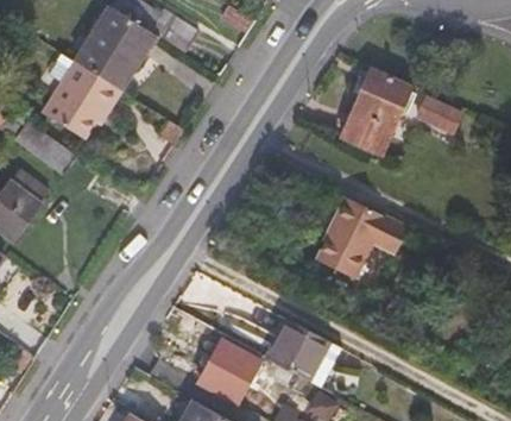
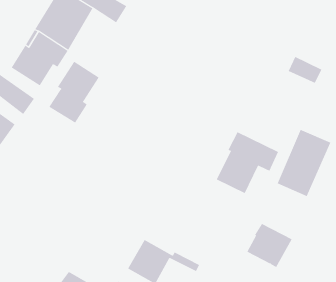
building: [340,68,412,158] -> [277,129,331,197]
building: none -> [49,61,100,124]
building: [266,321,328,381] -> [246,223,292,268]

